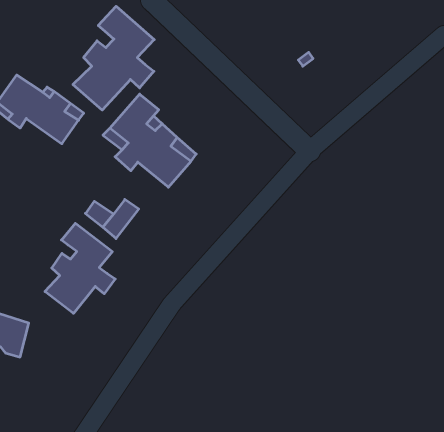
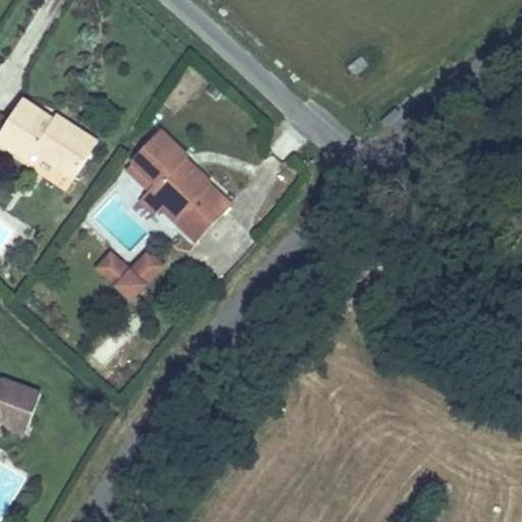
building: [73,6,154,110] -> none
building: [45,223,115,313] -> none

